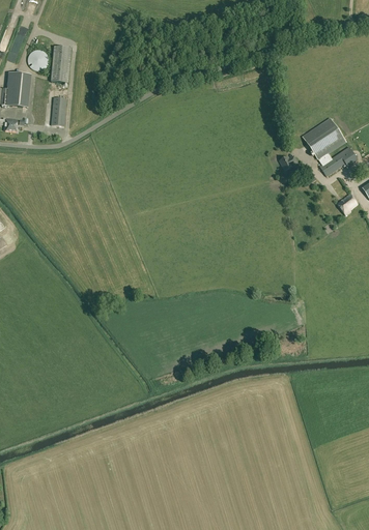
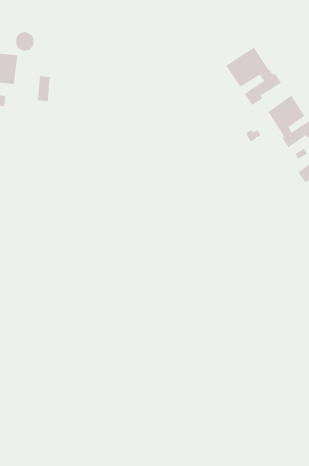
building: [51,46,72,83] -> none
building: none -> [225,47,282,106]

